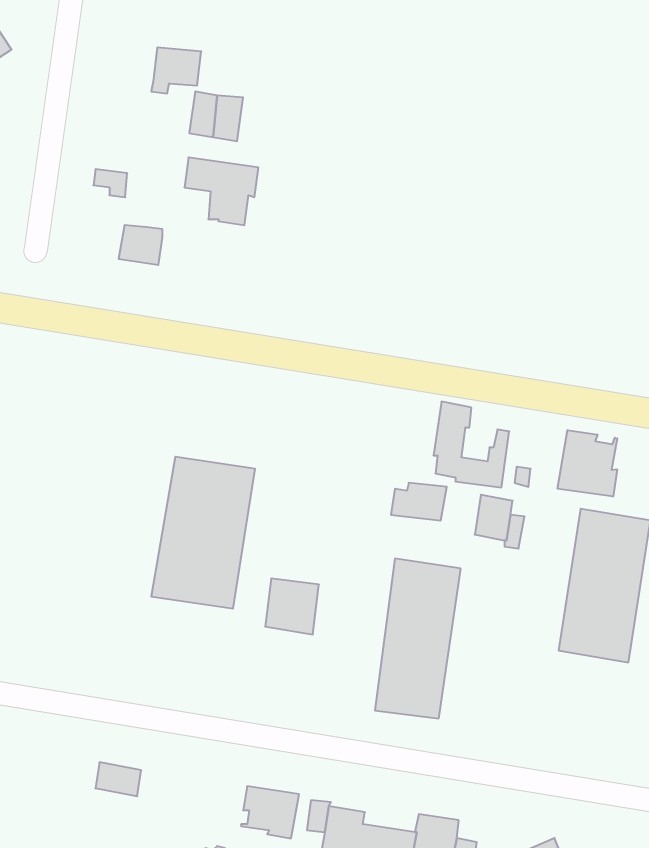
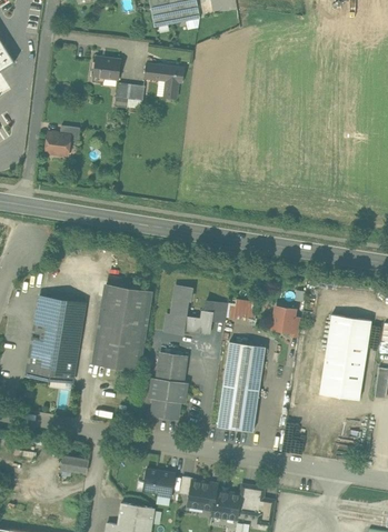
building: [184,157,258,225] -> [145,62,186,100]
building: [119,225,162,265] -> [46,133,70,155]
building: [433,402,509,487] -> [171,285,213,333]
building: [558,430,617,497] -> none
building: none -> [27,297,86,382]
building: none -> [151,380,187,419]

